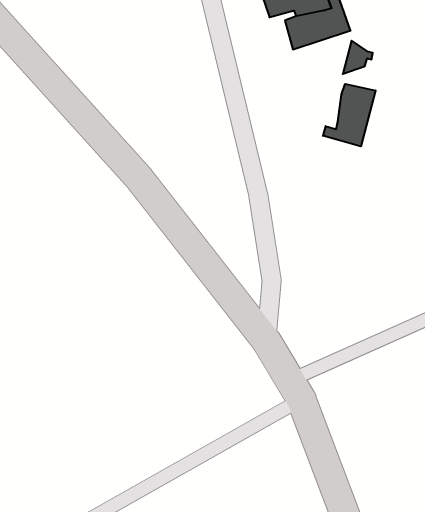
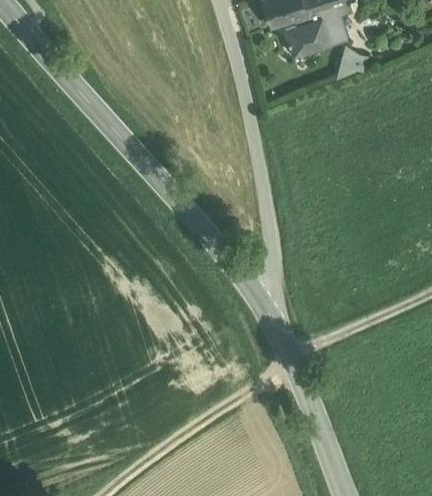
building: [323,84,376,146] -> none

